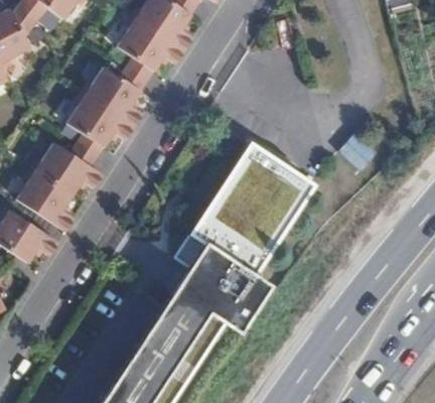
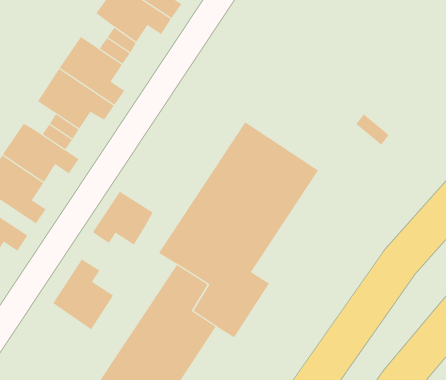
building: none -> [92,191,153,245]
building: none -> [52,258,114,330]

